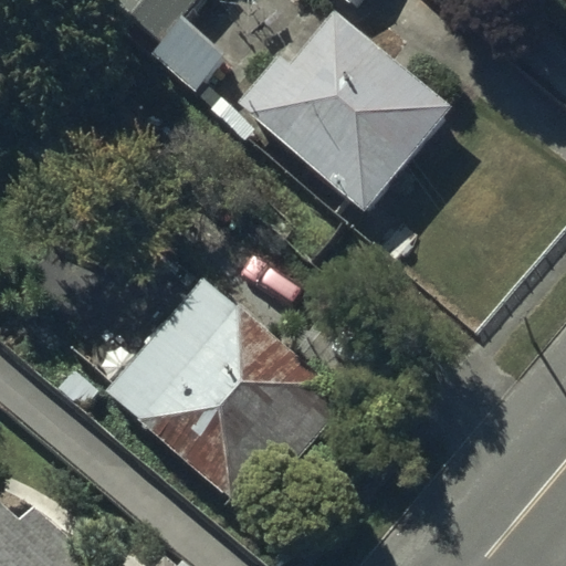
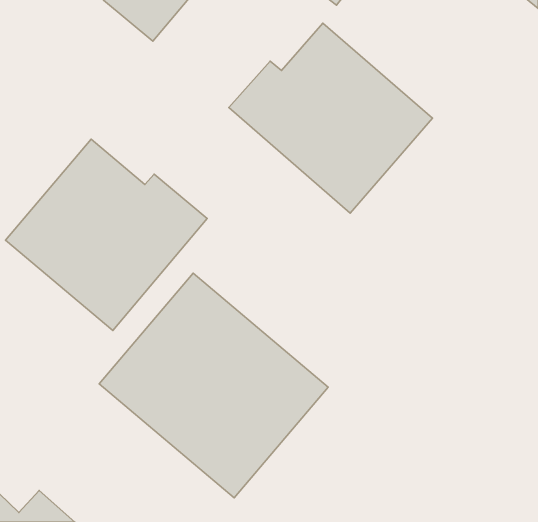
building: none -> [6,139,207,331]

